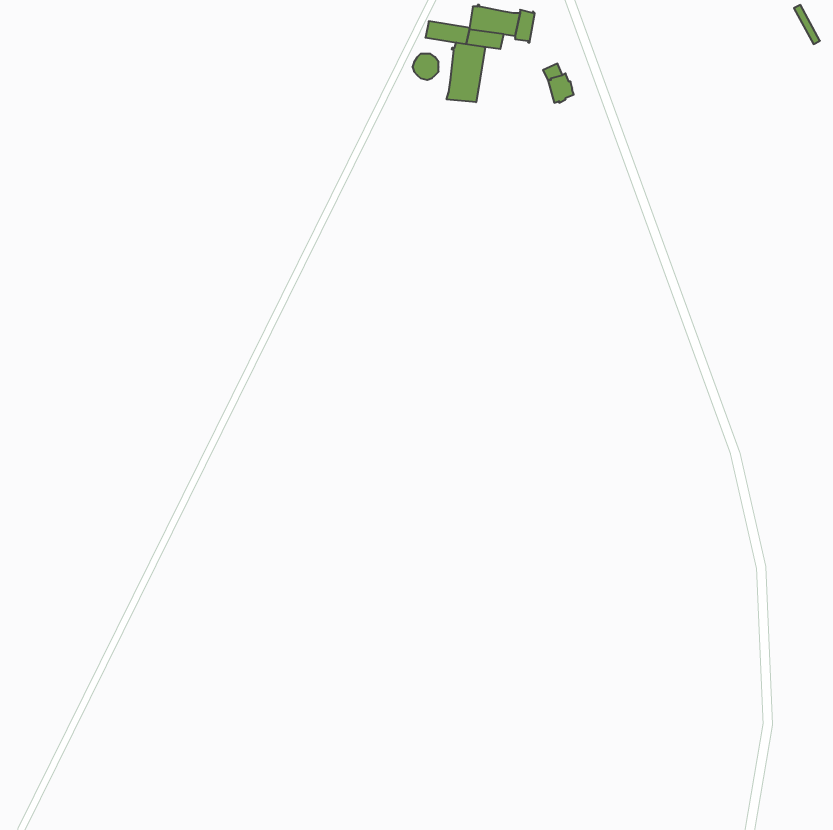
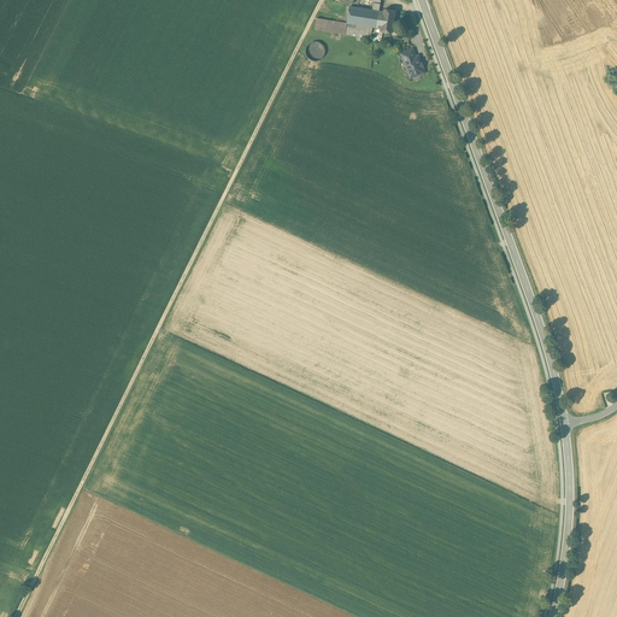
building: [447,42,485,102] -> none

